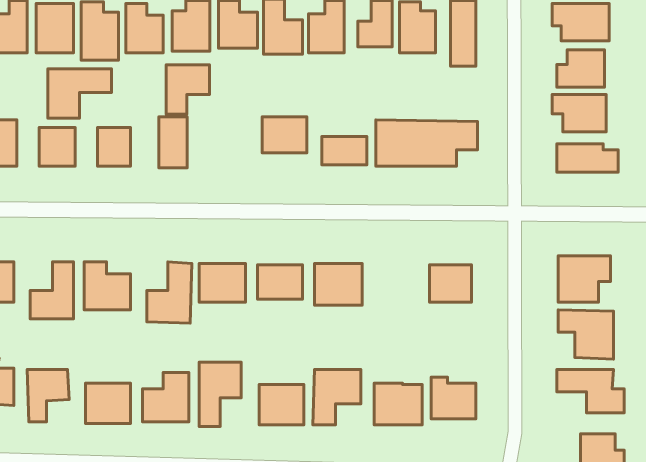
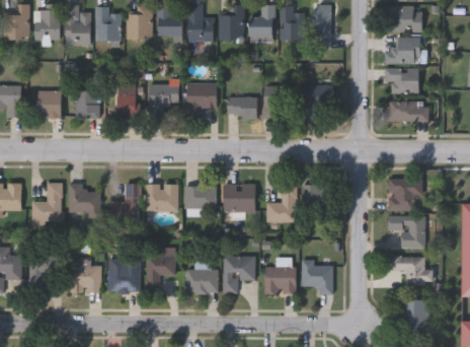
building: [166,65,209,114] -> [150,85,179,119]
building: [48,69,111,118] -> none
building: none -> [265,185,296,222]

